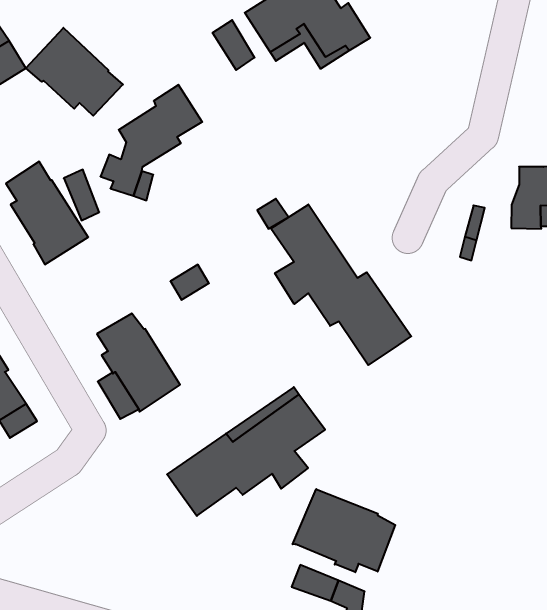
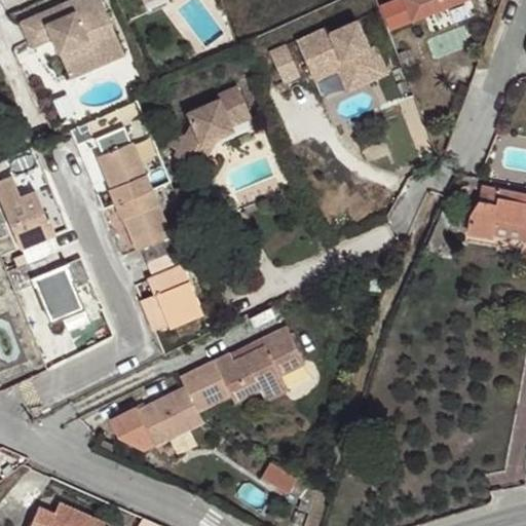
building: [26,28,123,116] -> none
building: [271,204,411,365] -> none
building: none -> [114,189,174,263]
building: none -> [111,387,203,450]
building: [293,489,395,572] -> none

